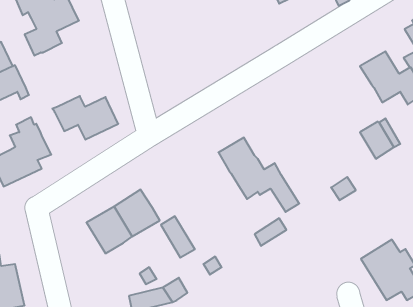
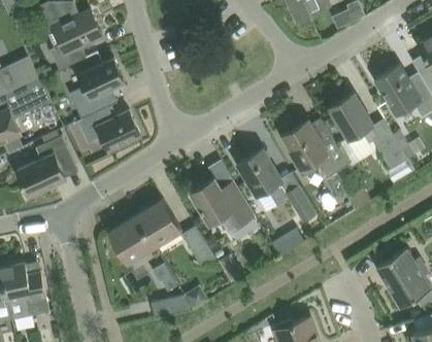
building: none -> [69,59,124,119]
building: none -> [328,94,379,143]
building: none -> [283,122,348,178]
building: none -> [190,178,254,232]

